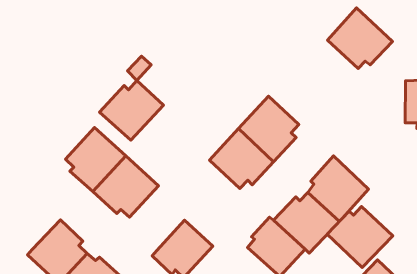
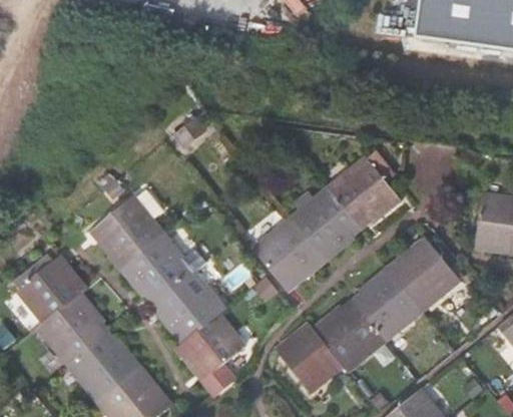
building: [328,8,392,68] -> [328,158,399,226]
building: [100,81,163,140] -> none
building: none -> [155,271,222,342]
building: none -> [17,260,84,321]
building: [327,207,393,268] -> [390,241,462,308]

